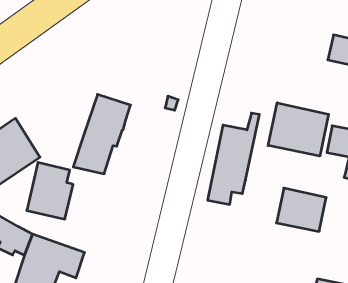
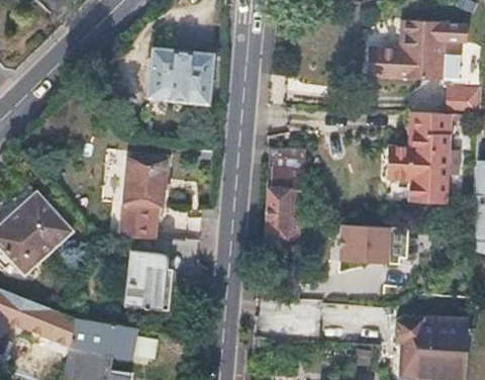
building: none -> [148,52,212,104]
building: [268,103,329,156] -> none
building: [27,162,73,219] -> [123,253,170,310]

